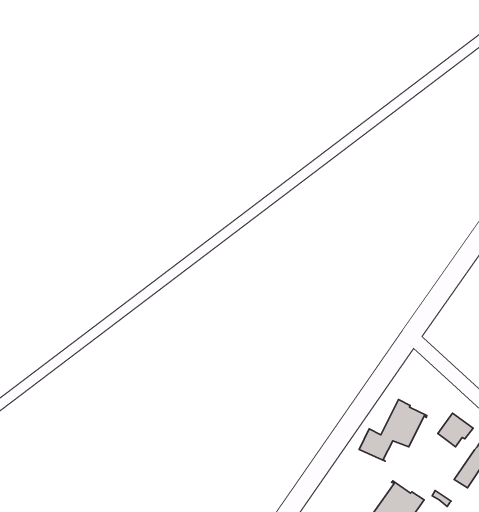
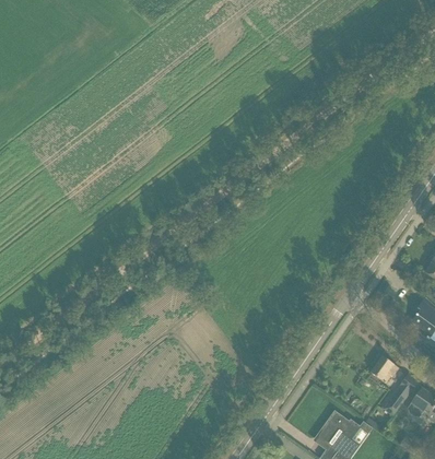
building: [359,399,427,461] -> none

